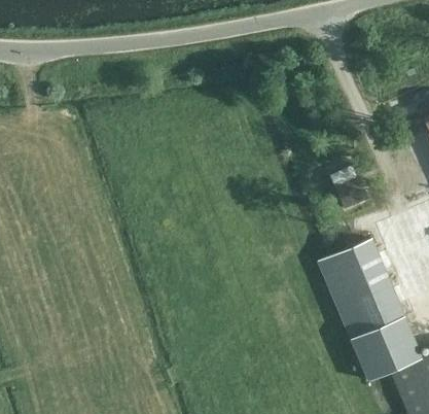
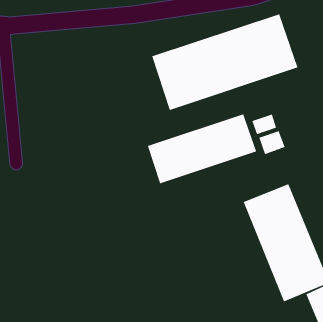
building: none -> [151,14,298,111]
building: none -> [147,114,257,184]

